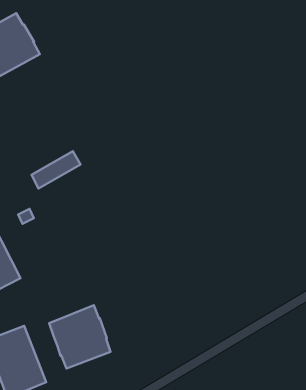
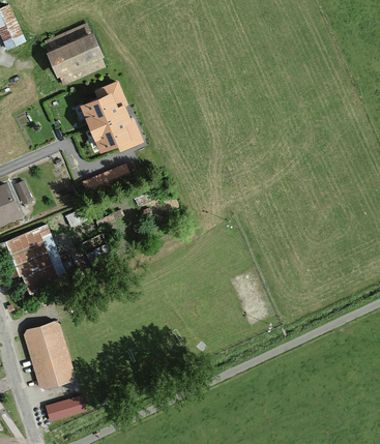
building: none -> [80,81,142,151]
building: [49,305,111,369] -> none

